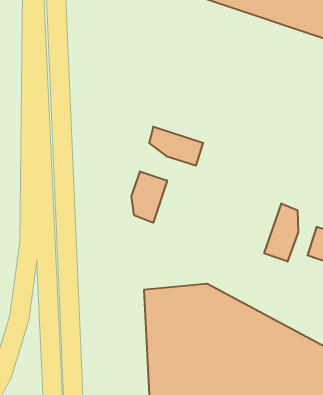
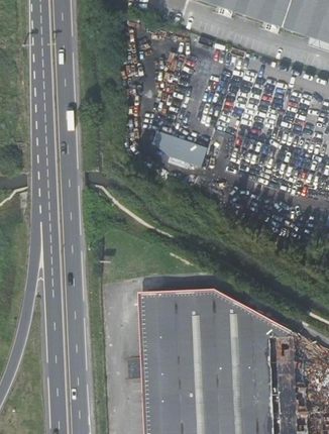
building: [131,171,167,223] -> none
building: [264,203,298,262] -> none

